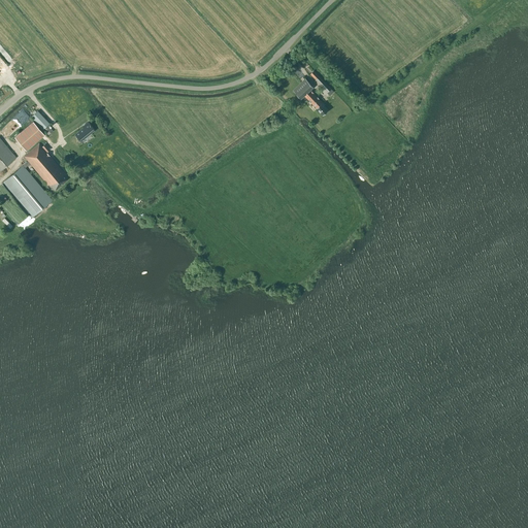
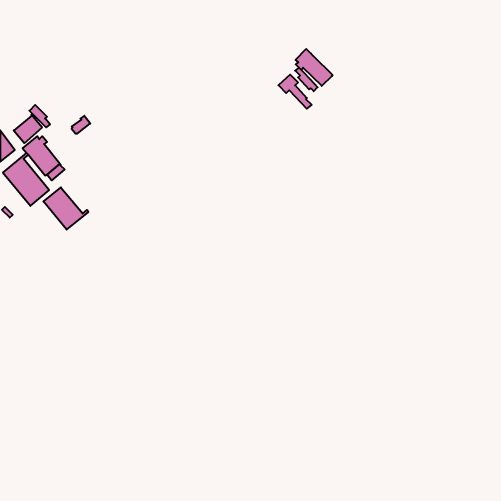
building: none -> [296,49,332,86]
building: none -> [43,187,88,230]

